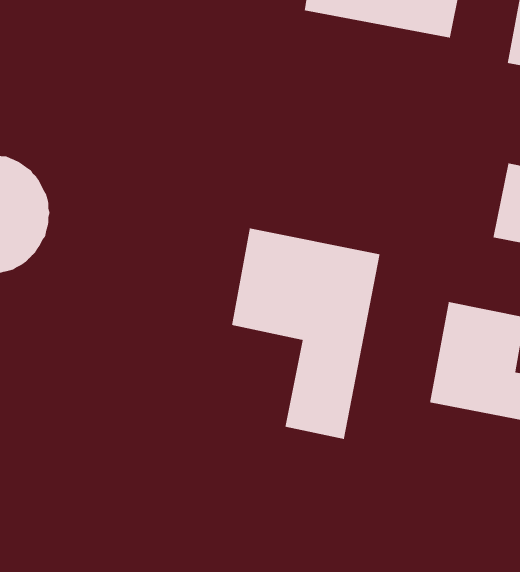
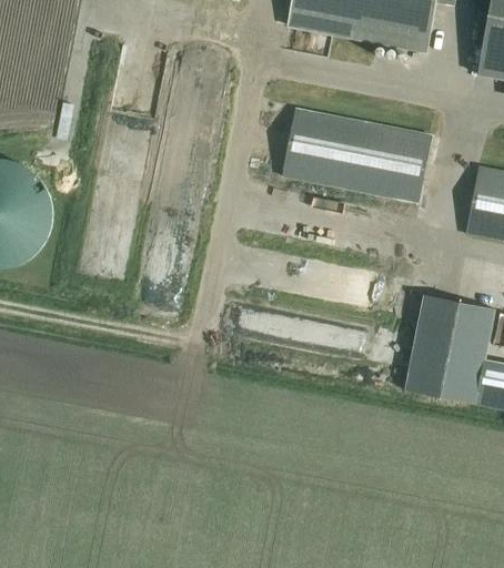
building: none -> [283,108,431,202]
building: [231,228,381,440] -> none

